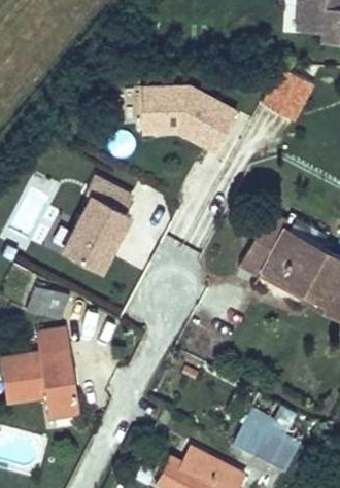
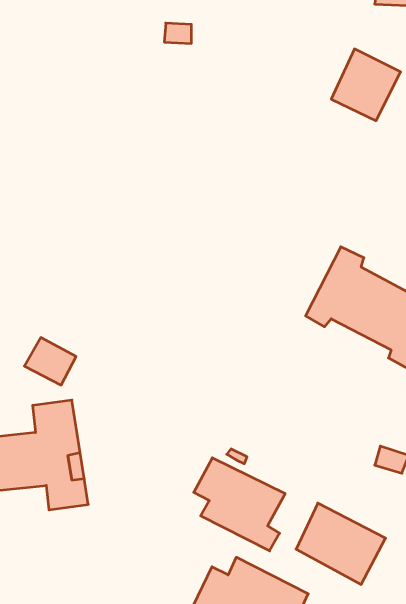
building: [138,86,238,154] -> none
building: [63,177,131,275] -> none
building: none -> [194,458,285,551]

